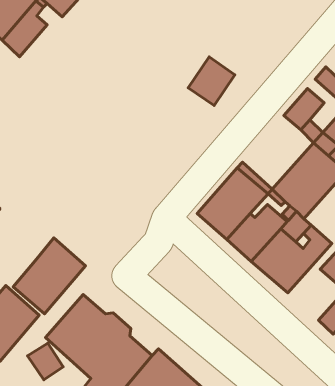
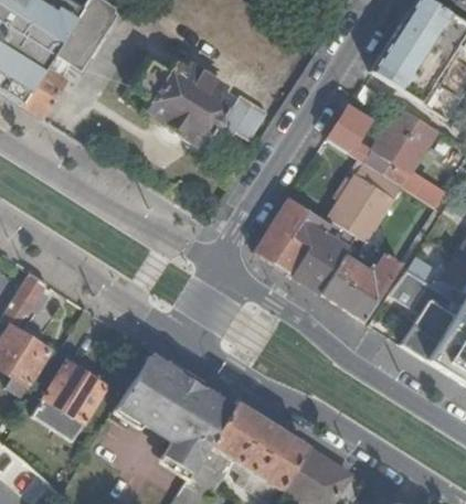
building: none -> [128,60,233,144]
building: [13,238,85,314] -> none

